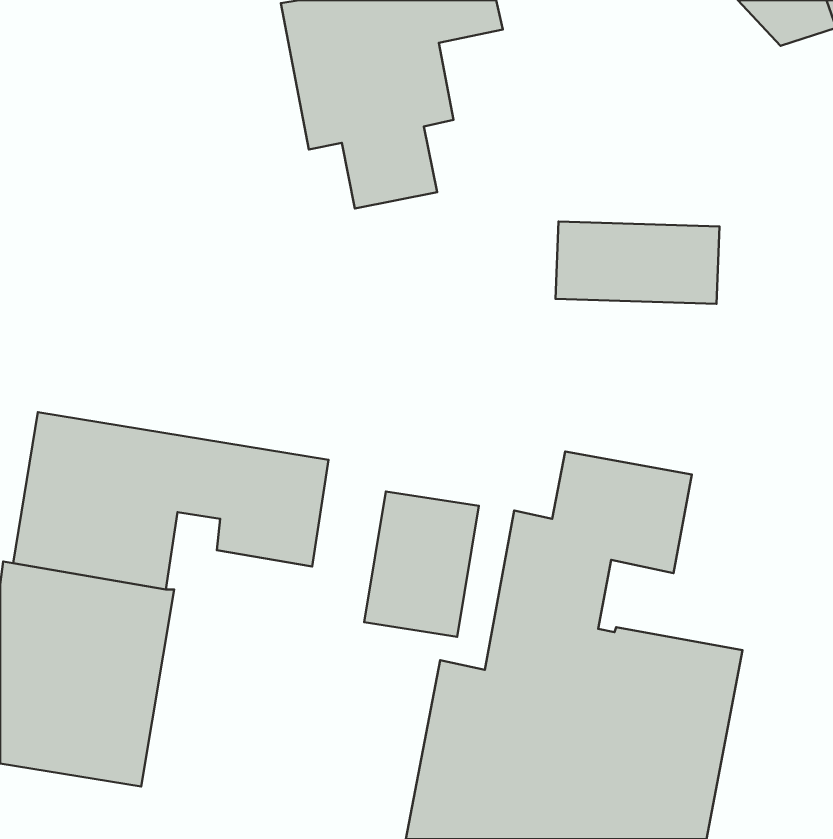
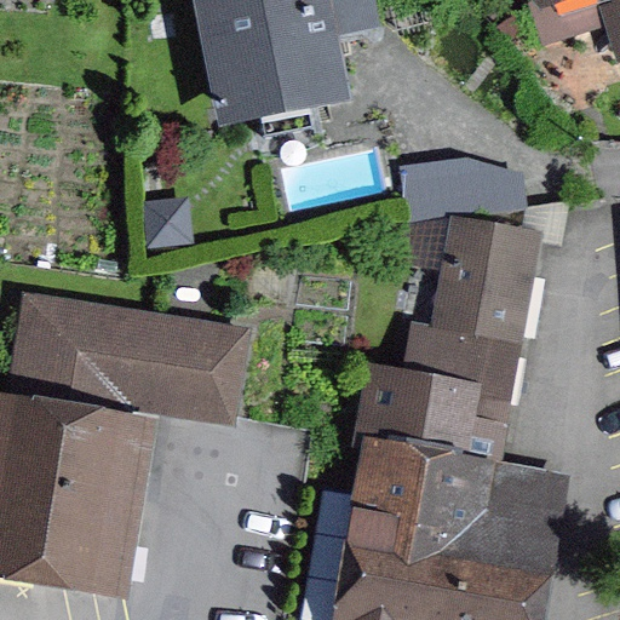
building: none -> [446,226,535,338]
building: [364,491,479,637] -> none

